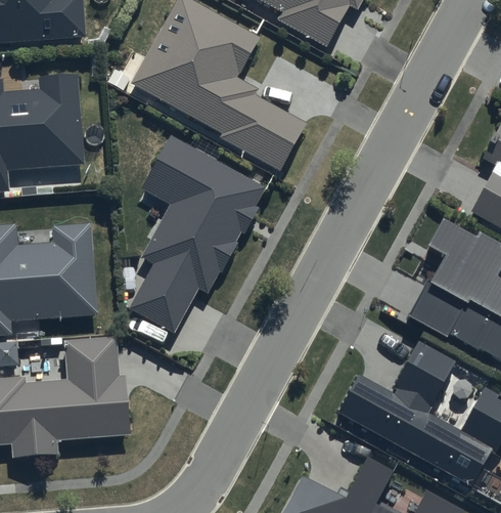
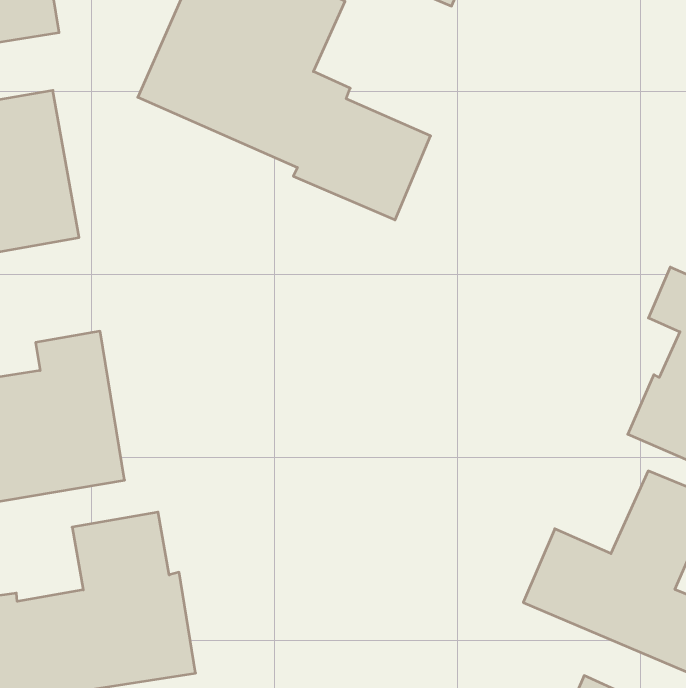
building: [128,135,267,333] -> none

